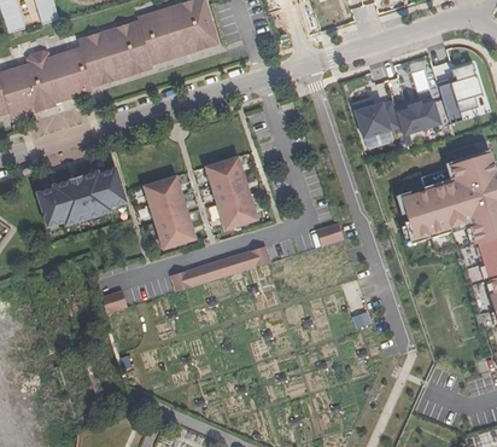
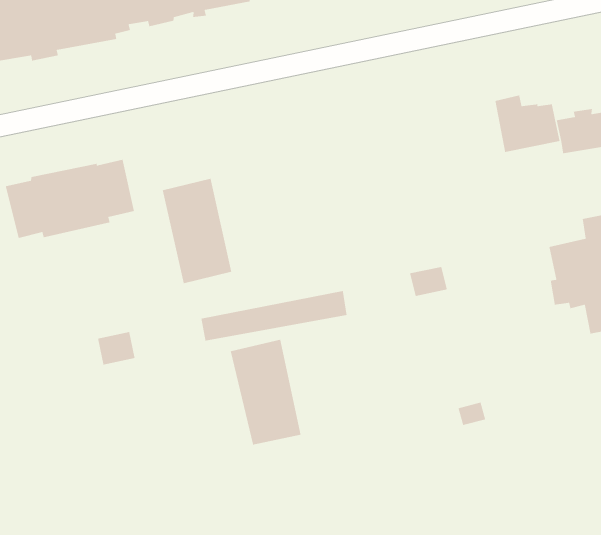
building: [195,156,251,231] -> [230,339,302,446]

